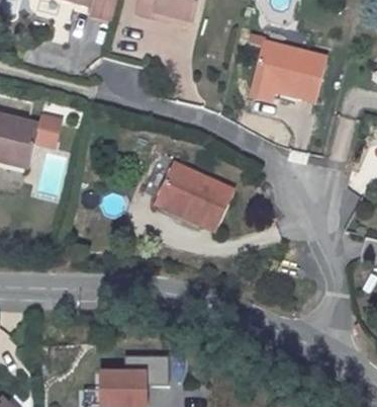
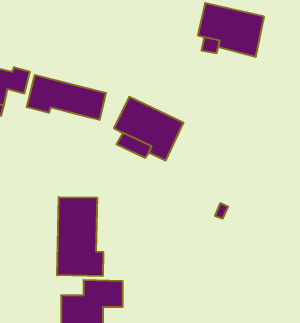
building: none -> [27,75,106,120]
building: none -> [57,197,103,276]

